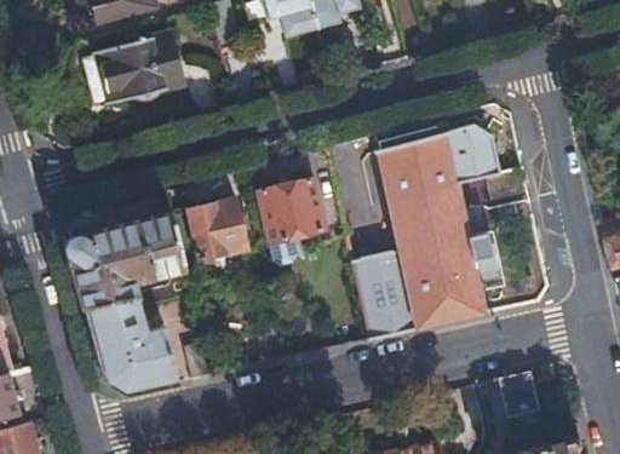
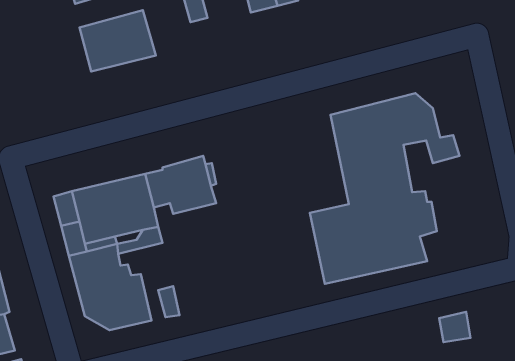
building: [259,177,327,240] -> none

